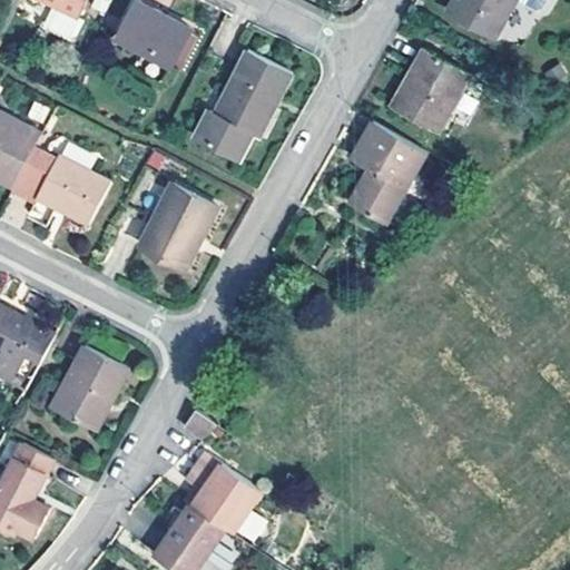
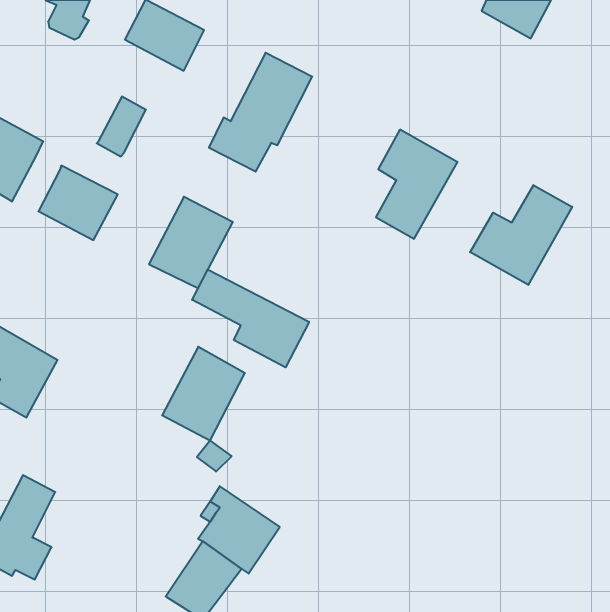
building: [390,48,469,132] -> none
building: [10,146,56,202] -> [97,96,146,156]
building: none -> [470,185,572,285]
building: none -> [192,269,309,367]
building: [50,344,127,431] -> [162,347,245,440]

